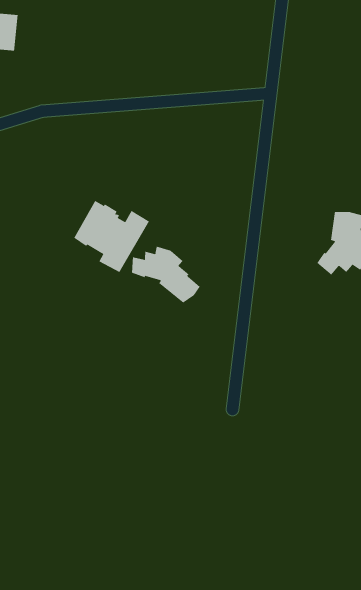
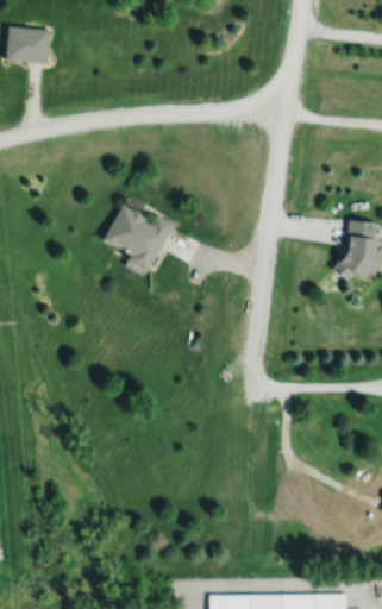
building: [131,246,200,304] -> none

